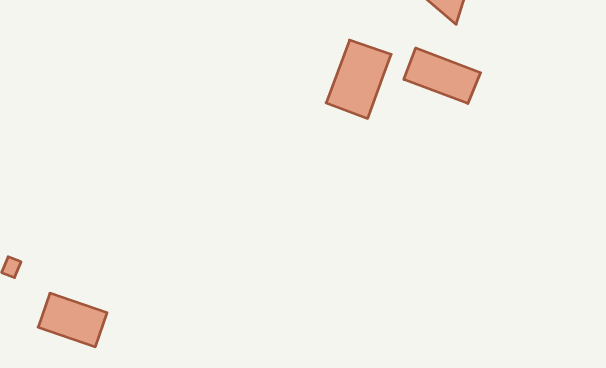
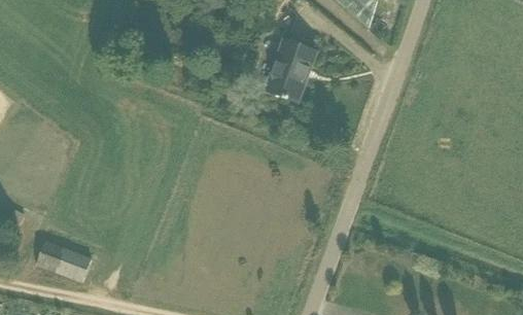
building: [404,48,481,104] -> none

